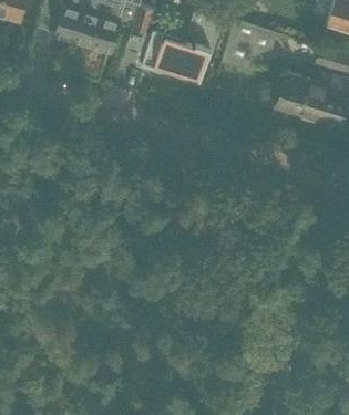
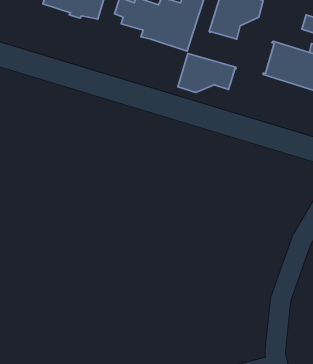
building: none -> [178,53,236,93]

